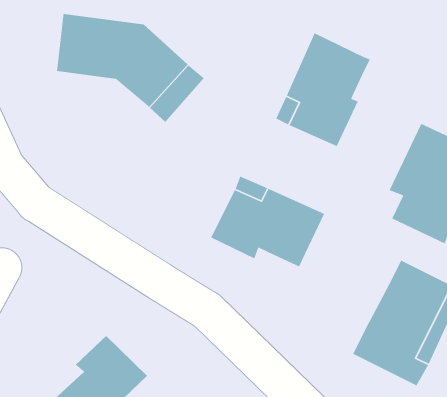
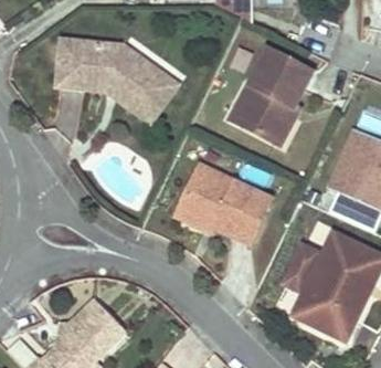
building: none -> [286,245,325,292]

